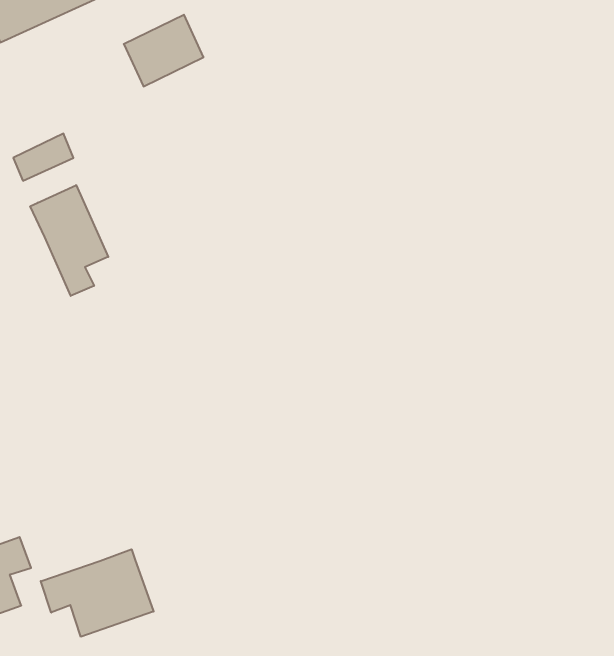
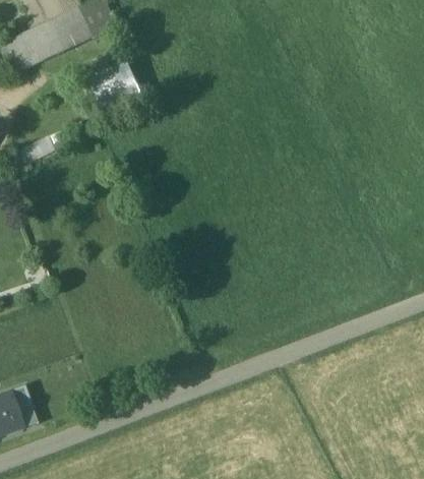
building: [30,185,108,296] -> none
building: [41,549,154,637] -> none

